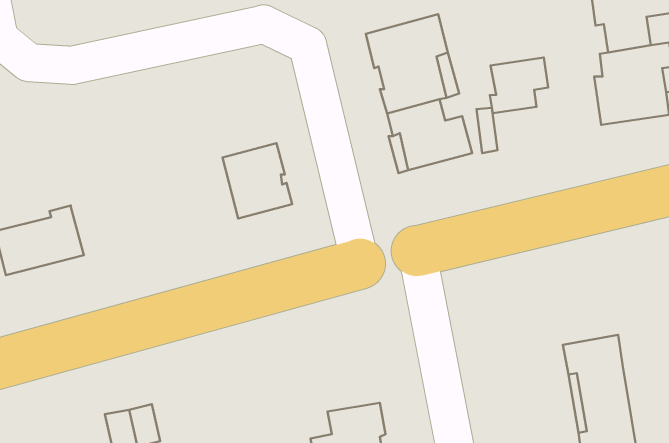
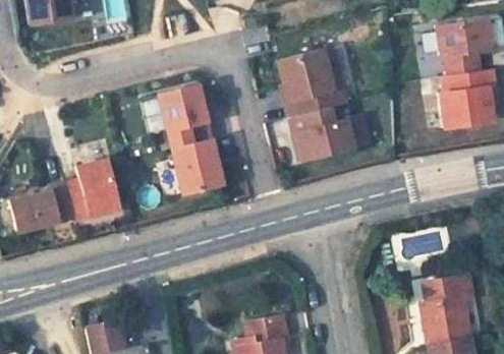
building: [490,58,548,113] -> none
building: none -> [159,84,212,149]
building: none -> [64,160,118,220]

